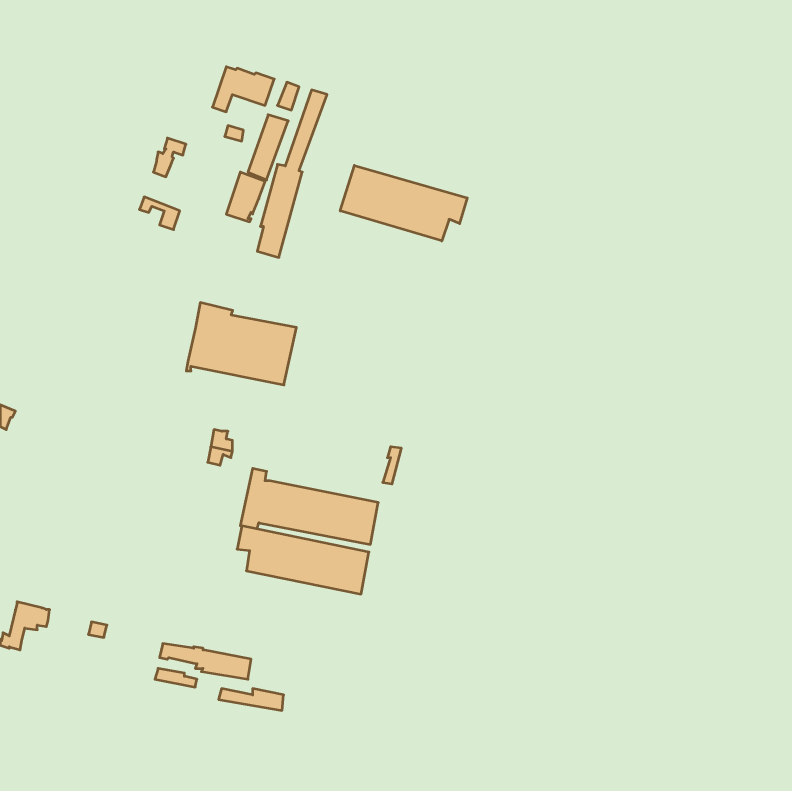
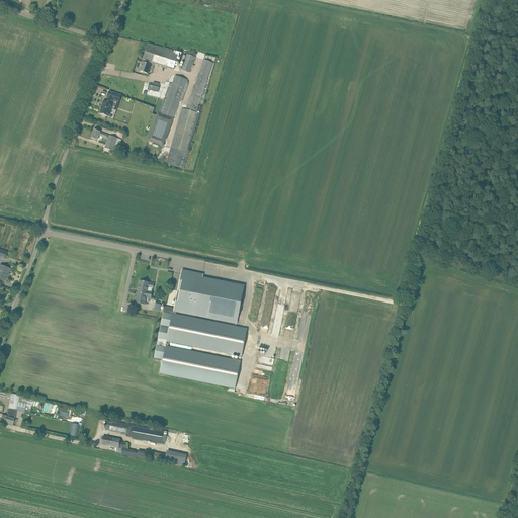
building: [340,165,467,241] -> none
building: [186,303,296,385] -> [173,269,245,323]

